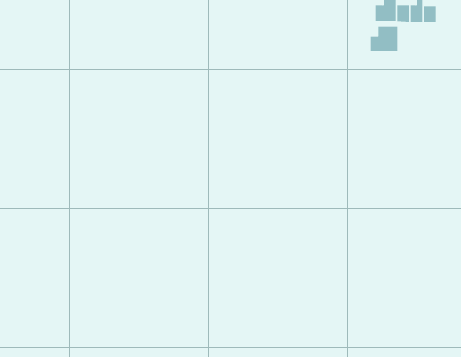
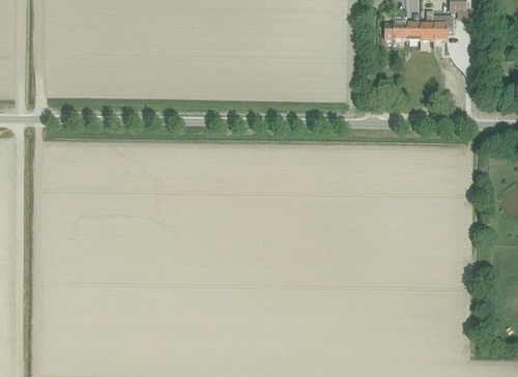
building: [370,26,398,52] -> none

